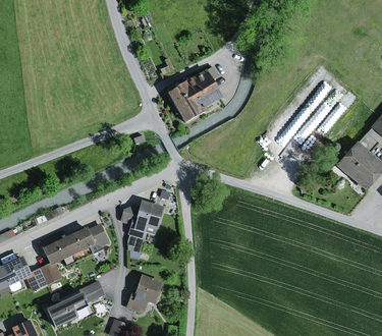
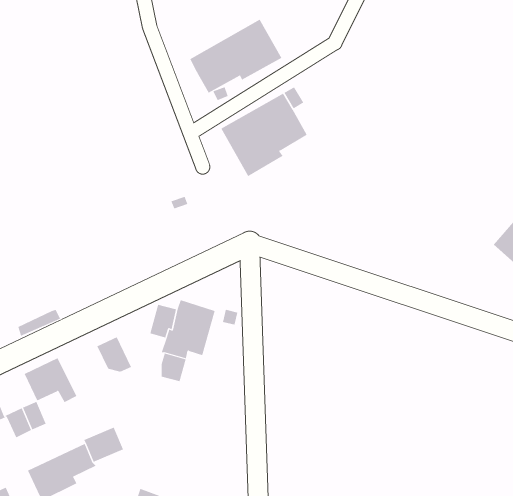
building: none -> [190,19,282,93]
building: [64,225,96,261] -> none
building: [127,274,163,314] -> none

